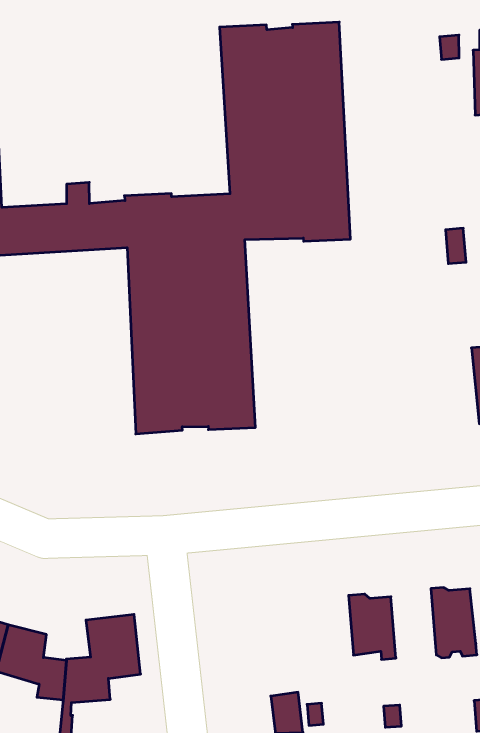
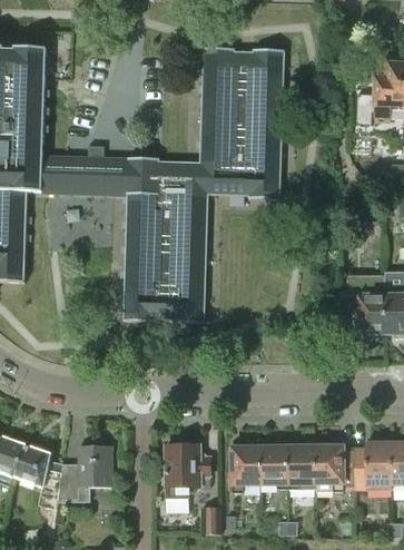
building: none -> [288,443,316,489]
building: none -> [231,443,259,493]
building: none -> [165,444,210,498]

